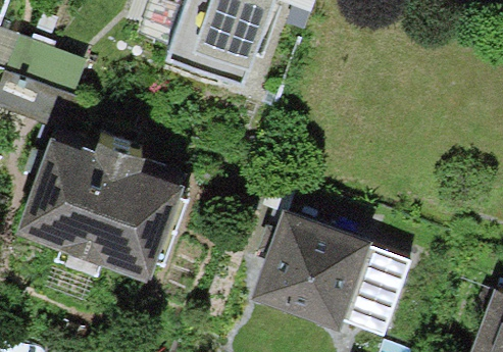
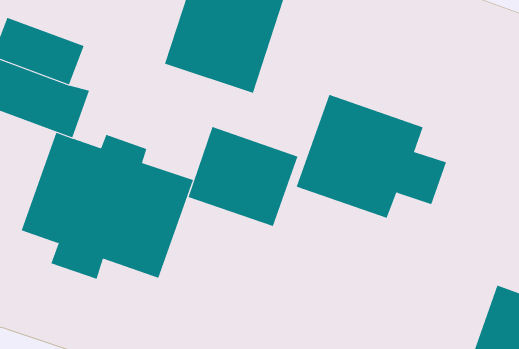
building: none -> [188,126,298,227]
building: [254,207,399,326] -> [296,94,447,219]

